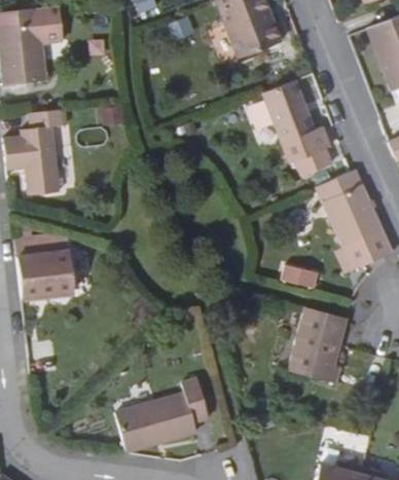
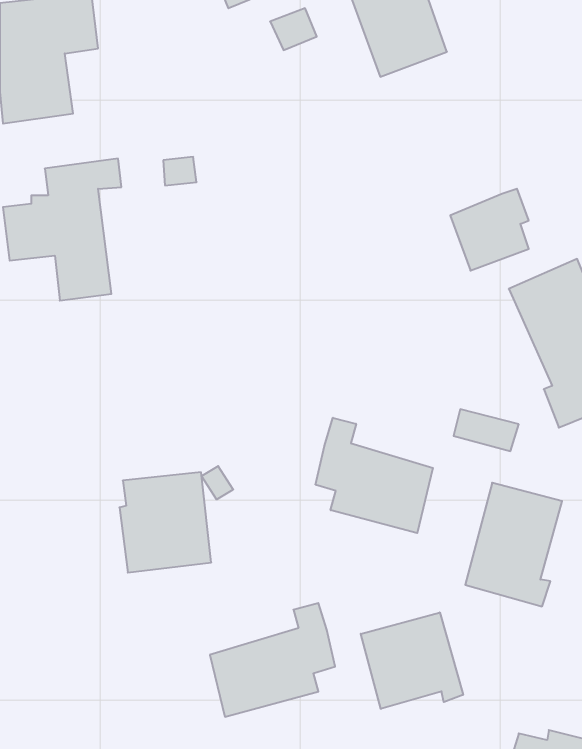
building: [259,80,311,143] -> none
building: [16,238,73,300] -> [119,472,211,573]
building: none -> [316,418,433,533]
building: none -> [361,612,463,709]

